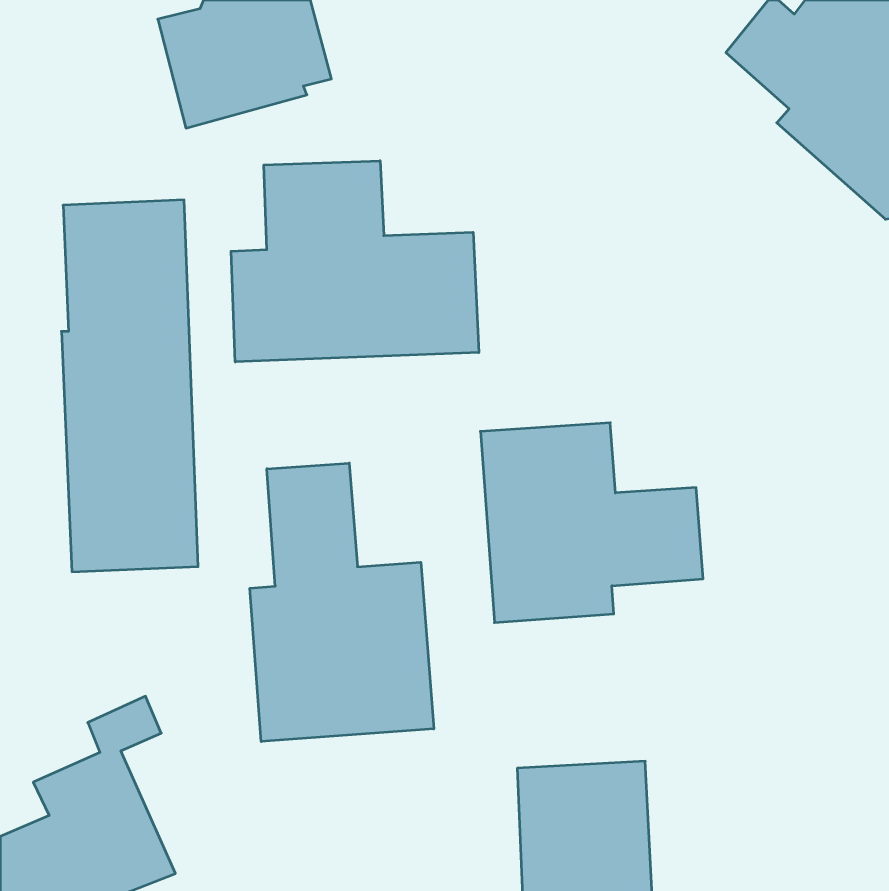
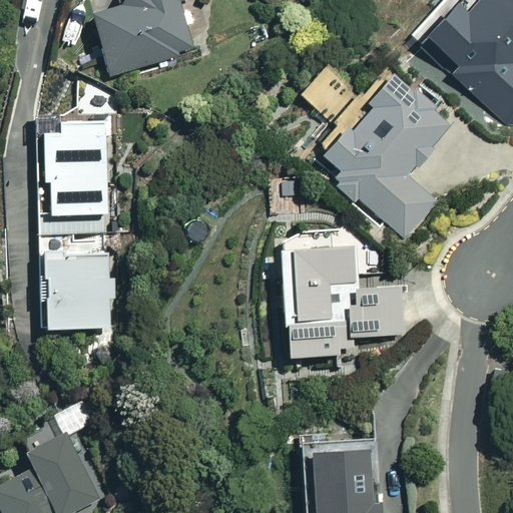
building: none -> [300,67,454,241]
building: [231,161,479,362] -> none
building: [250,463,434,742] -> none

